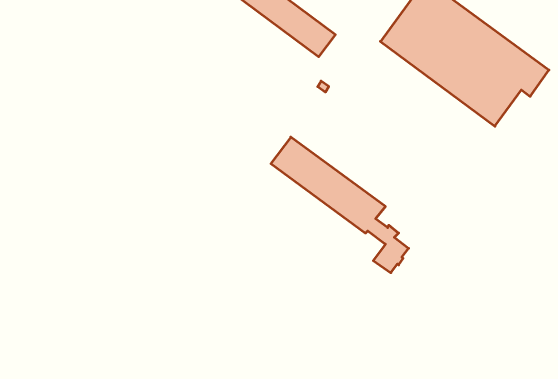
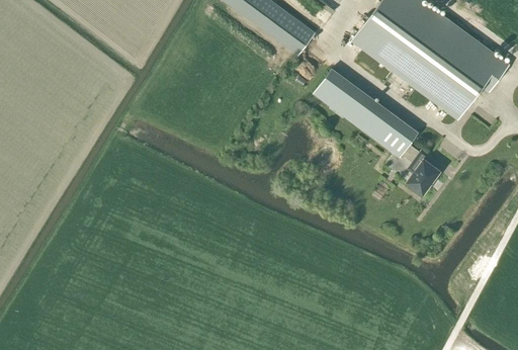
building: [271,137,409,273] -> [313,69,439,193]

